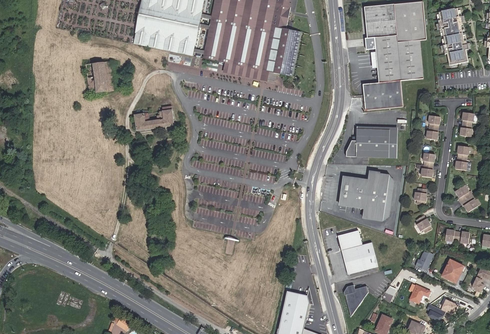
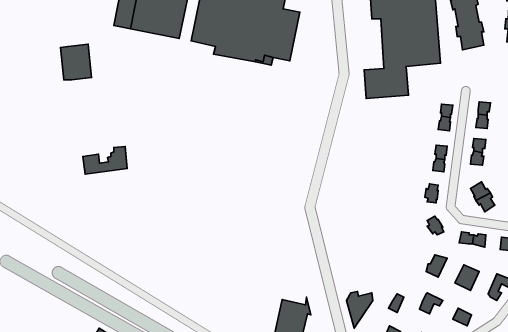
building: [133,105,173,130] -> [83,146,127,174]
building: [345,127,397,156] -> none
building: [338,174,392,222] -> none
building: [337,228,378,272] -> none

